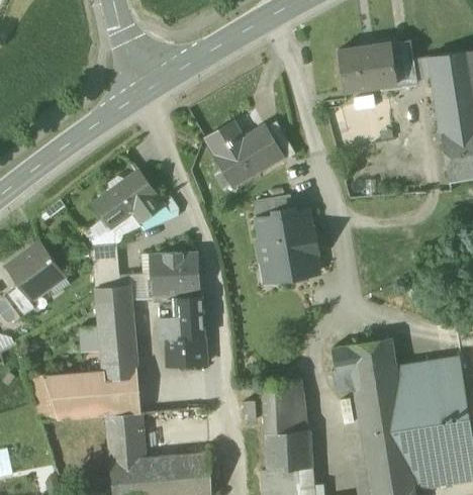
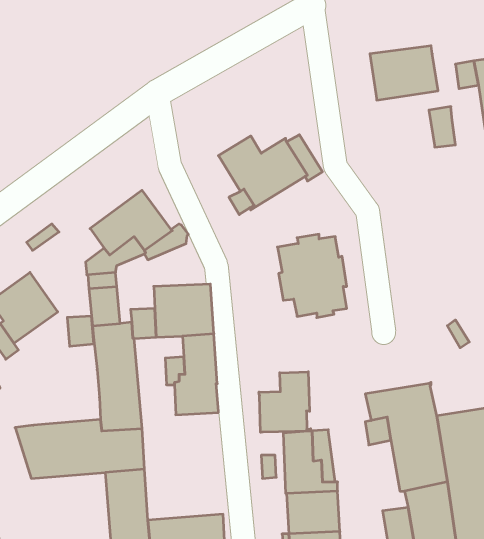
building: [392,48,415,84] -> [429,107,455,147]
building: [254,195,293,220] -> none
building: [78,327,101,354] -> [67,316,94,346]
building: none -> [259,372,311,432]

